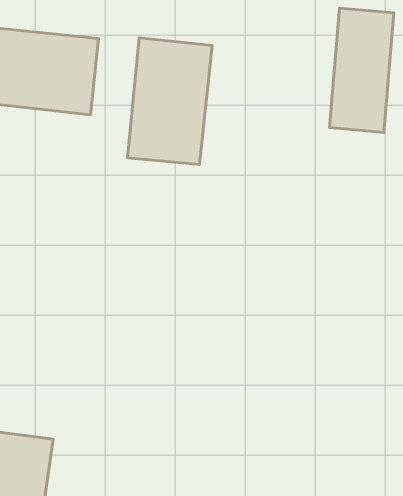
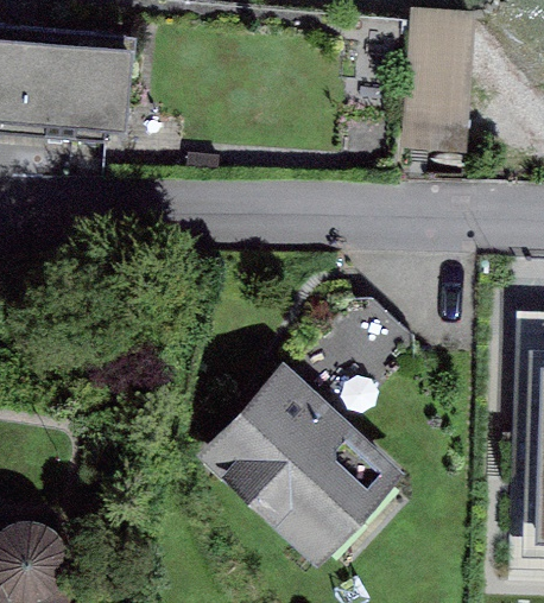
building: [127,38,212,164] -> none
building: none -> [215,376,392,551]

